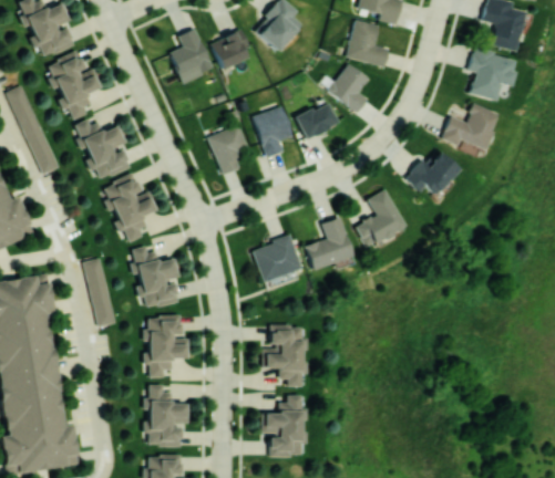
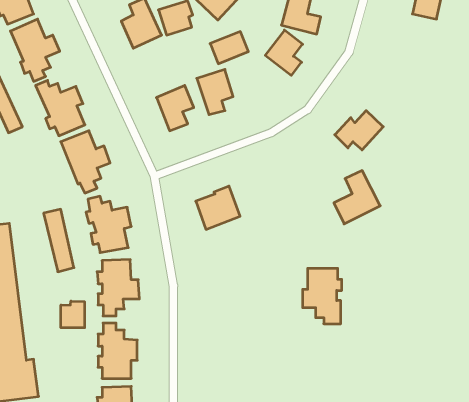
building: [467,49,517,101] -> none
building: [296,103,338,138] -> [210,32,248,64]
building: [441,103,499,149] -> none
building: [354,189,405,248] -> [334,171,380,224]
building: [306,217,352,269] -> none
building: [264,325,307,386] -> [303,268,342,324]
building: none -> [61,301,85,328]
building: [261,395,306,457] -> none

